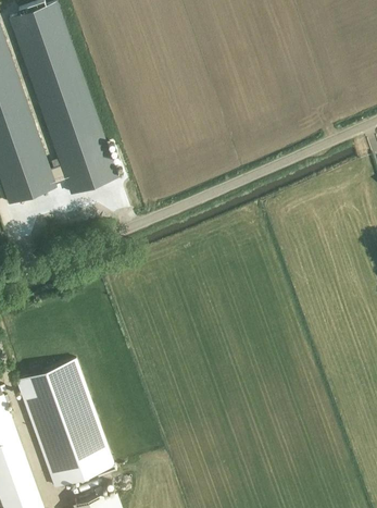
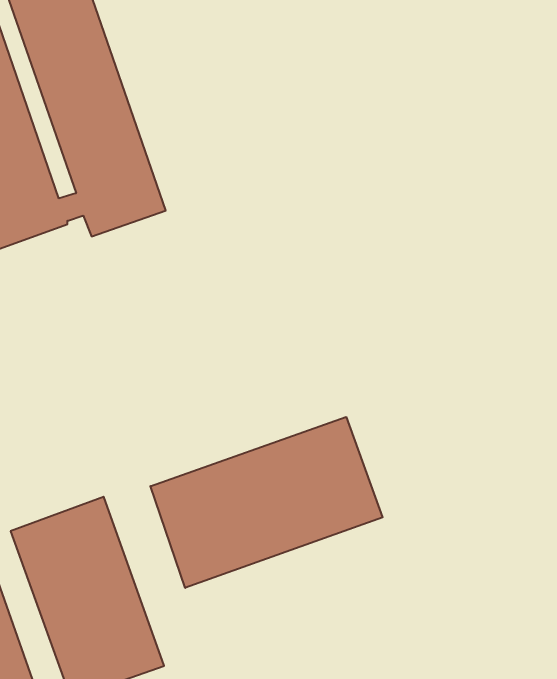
building: none -> [150,417,383,588]

